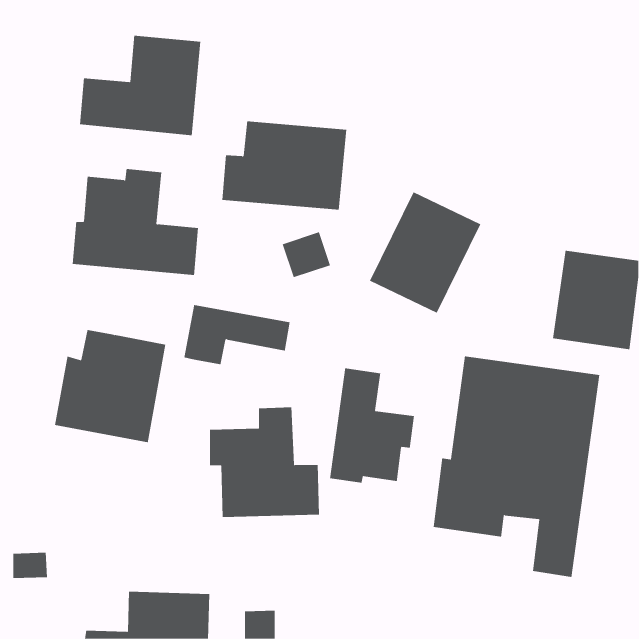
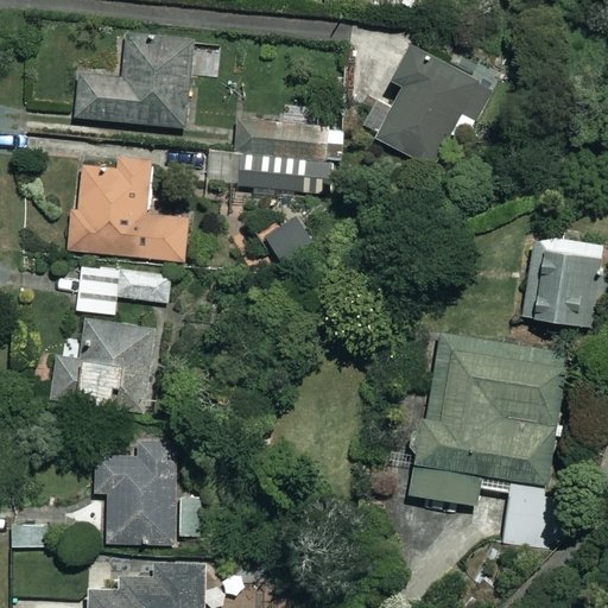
building: [369,191,481,314] -> [367,49,473,164]
building: [184,305,290,365] -> [72,259,173,316]
building: [330,367,414,483] -> none
building: [209,407,320,517] -> [95,438,200,543]

